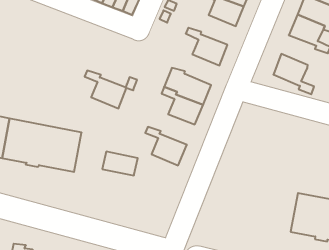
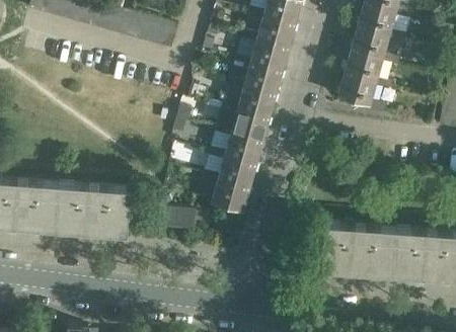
building: none -> [240,31,290,69]
building: none -> [345,50,392,89]
building: none -> [228,78,277,116]
building: [85,71,126,108] -> [208,149,256,187]
building: none -> [321,222,382,272]

